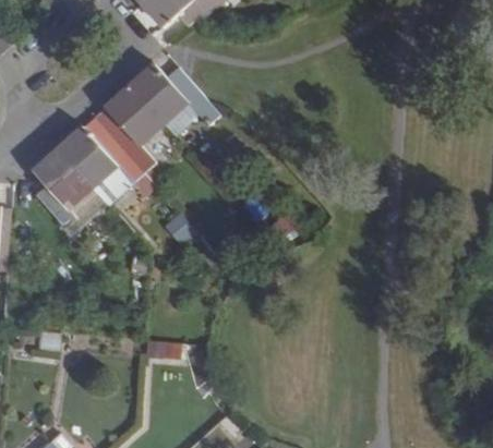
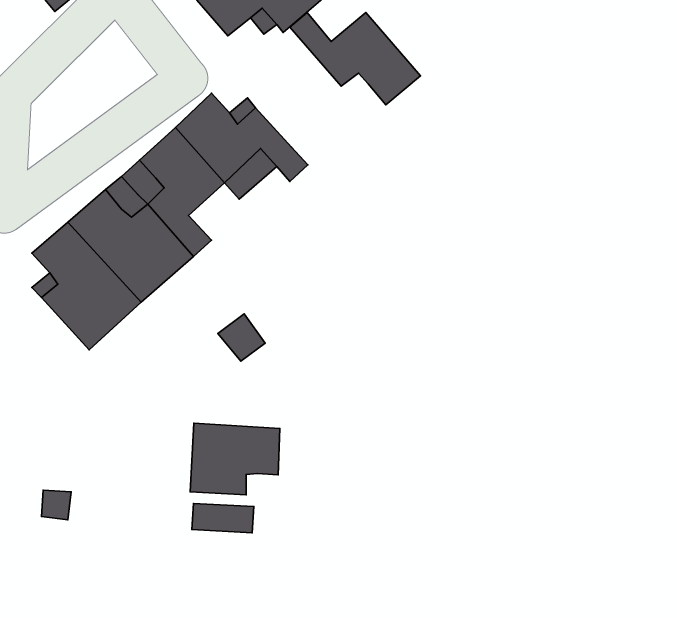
building: none -> [290,13,421,105]
building: none -> [190,423,280,495]

